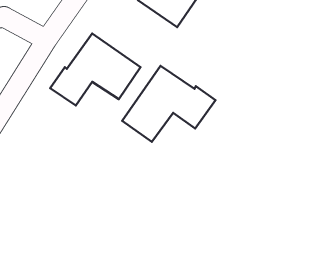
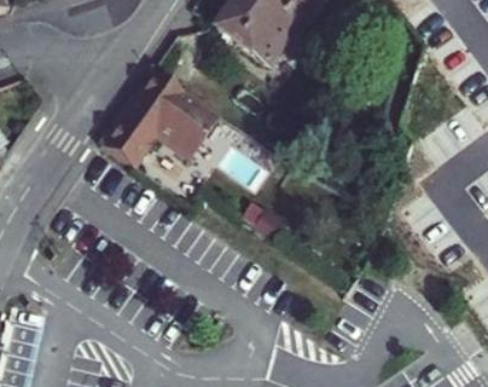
building: [122,66,215,142] -> none

